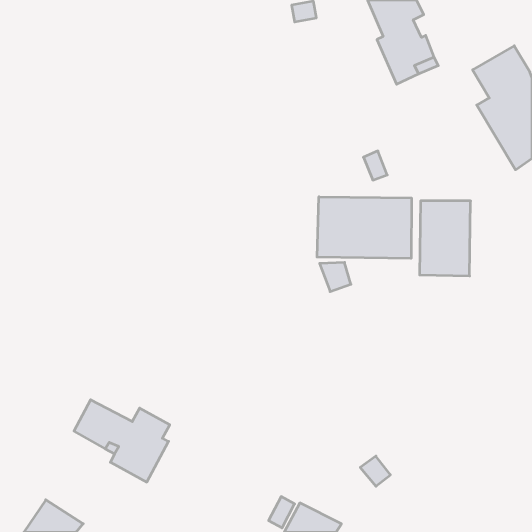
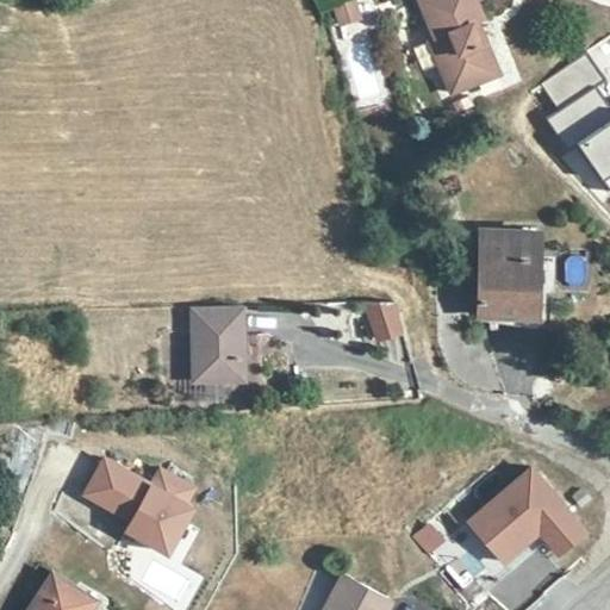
building: [317,197,411,258] -> none
building: none -> [195,305,244,381]
building: none -> [468,468,581,571]

